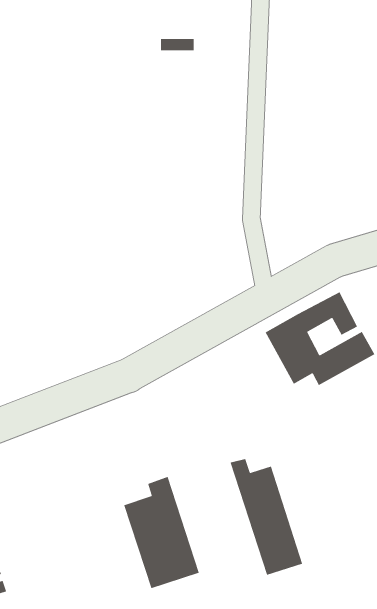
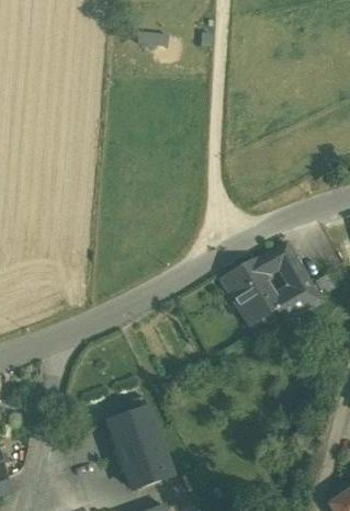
building: [229,458,303,576] -> none

